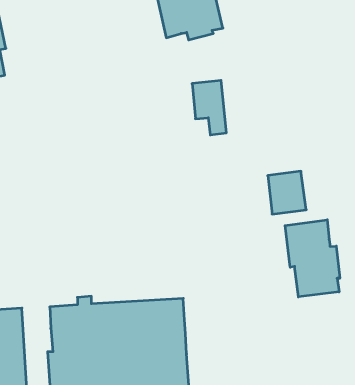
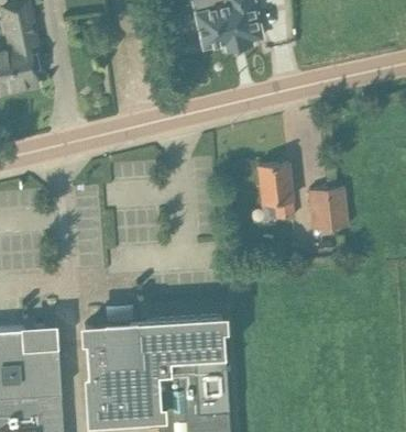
building: [192,80,226,135] -> [259,166,294,222]
building: [285,220,340,297] -> none

